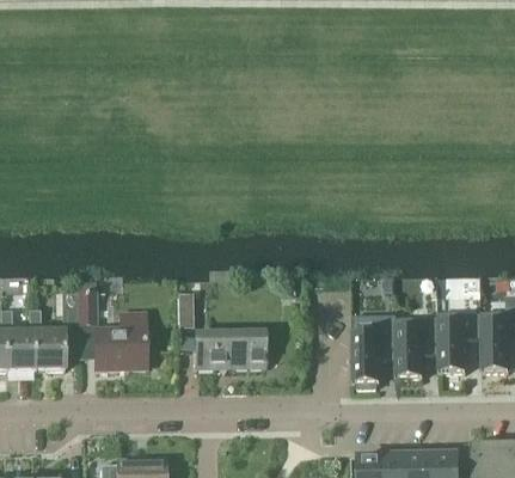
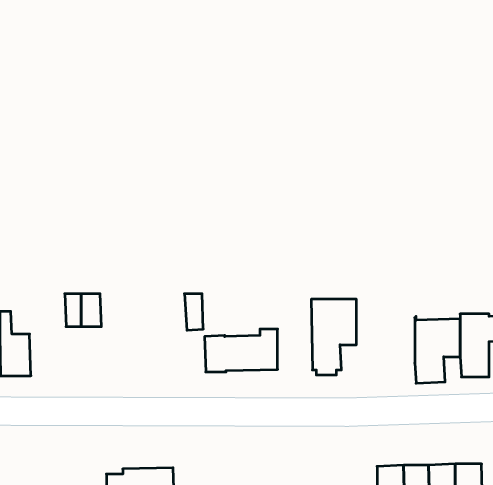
building: [29,308,65,369] -> none
building: [96,311,146,368] -> none
building: [351,314,394,386] -> [311,299,356,375]

